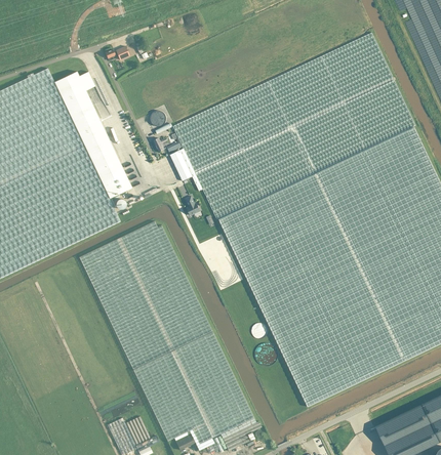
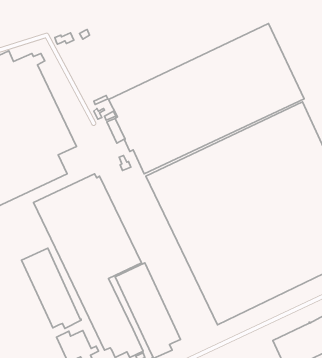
building: none -> [22,248,81,328]

